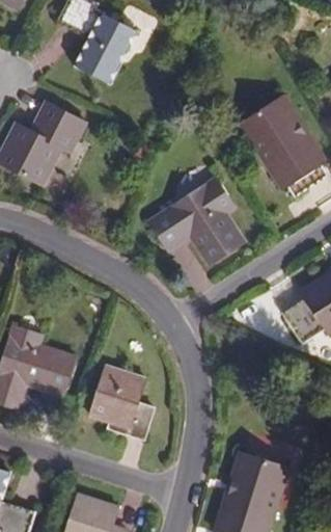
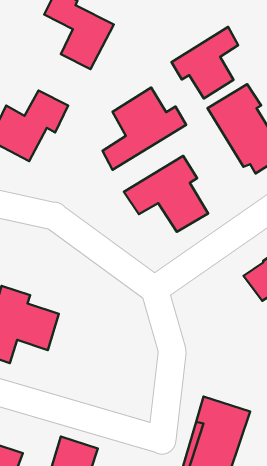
building: none -> [172,27,238,99]
building: none -> [102,88,186,170]
building: [88,364,154,436] -> none

